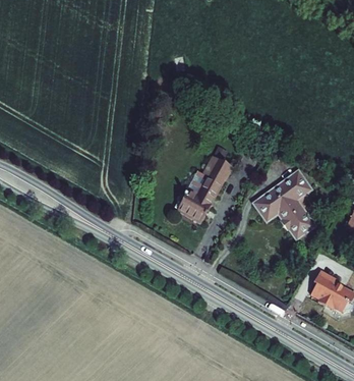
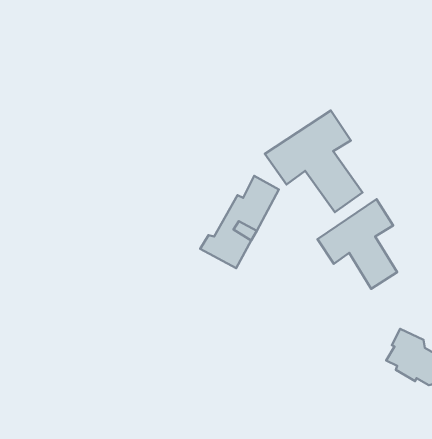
building: none -> [265,111,363,212]

